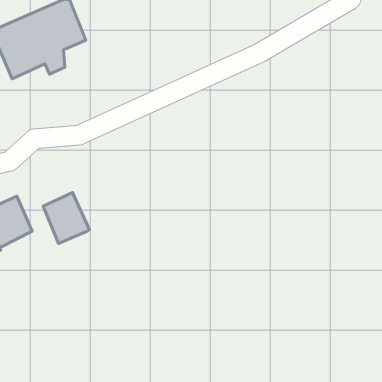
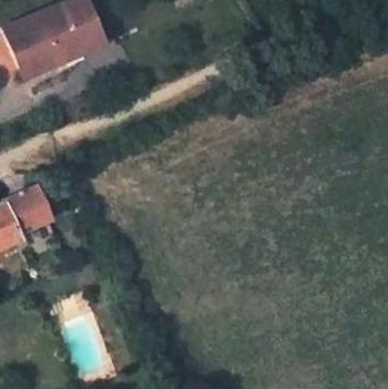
building: [43,192,89,244] -> none

